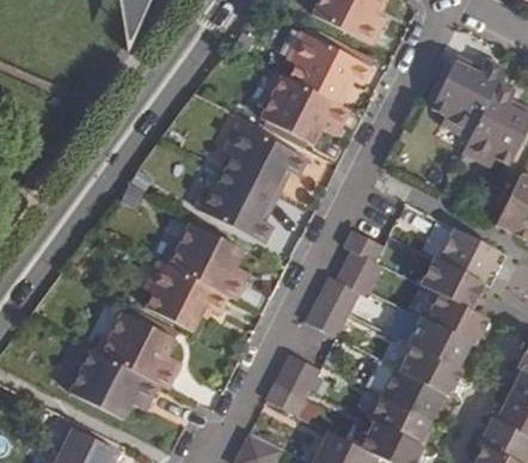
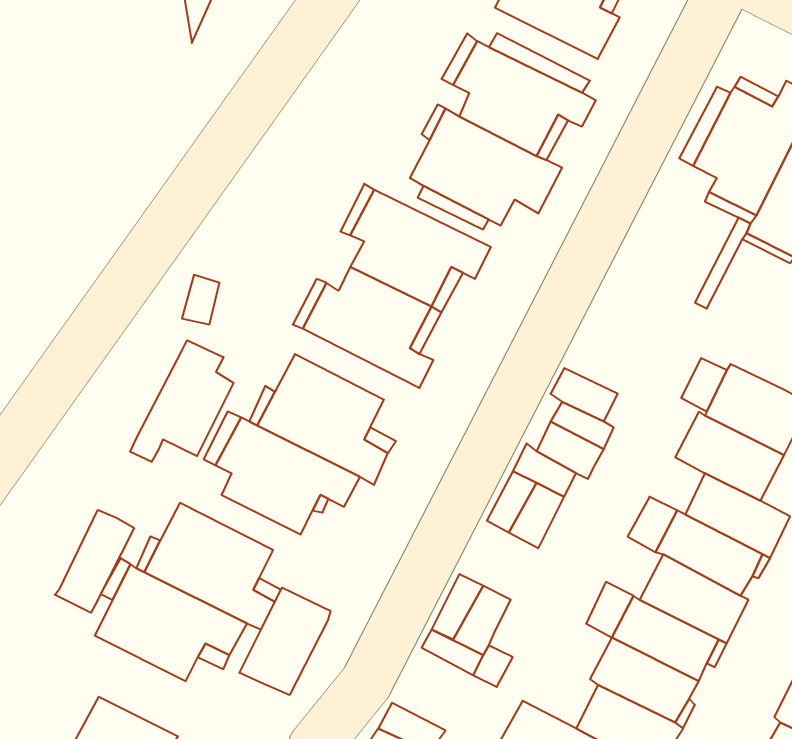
building: none -> [130,340,234,462]
building: none -> [55,510,134,613]
building: none -> [239,588,330,695]

